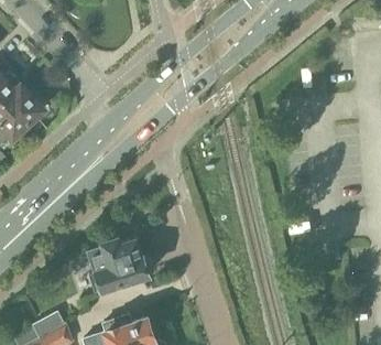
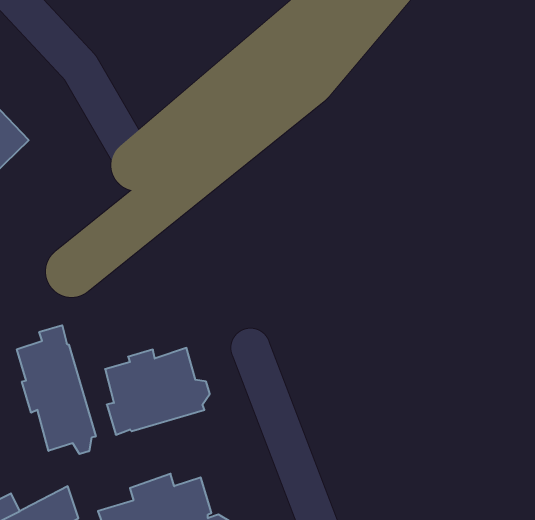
building: none -> [17,325,96,454]

